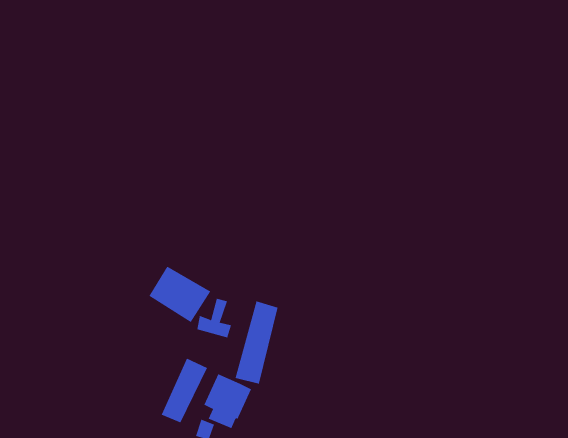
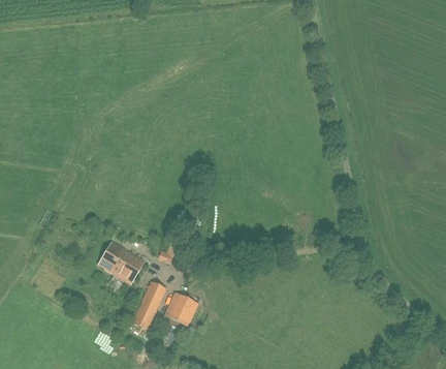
building: [148,266,211,323] -> [99,241,145,282]
building: [235,301,278,385] -> none

